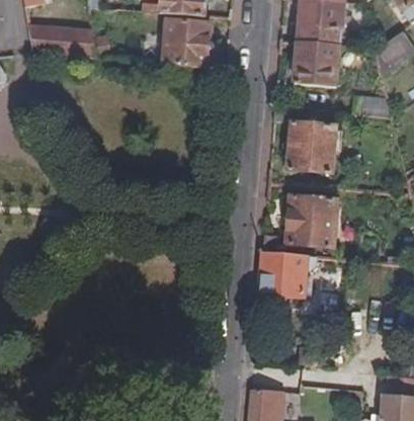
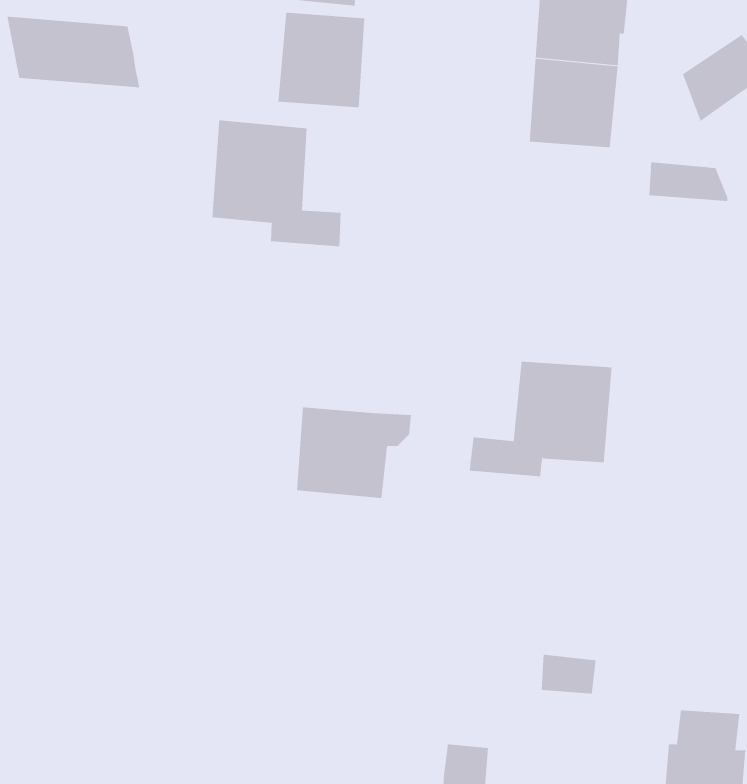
building: none -> [212,120,341,247]
building: [274,106,338,173] -> none
building: [260,252,319,299] -> [296,407,412,498]

